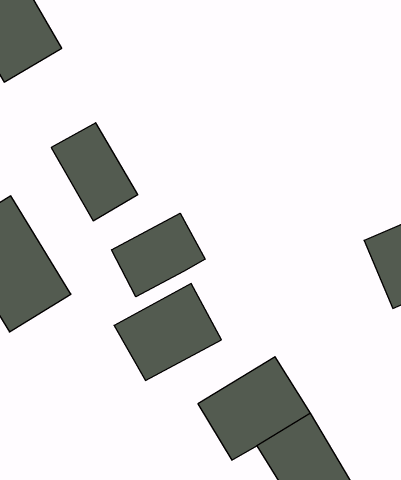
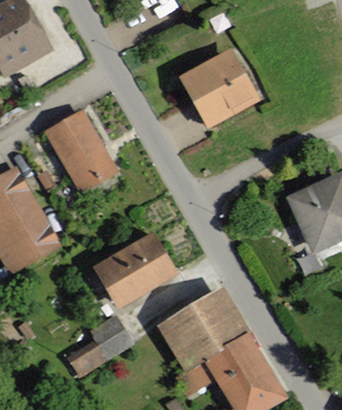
building: none -> [181,55,252,127]
building: [112,213,205,297] -> none
building: none -> [63,317,133,380]

